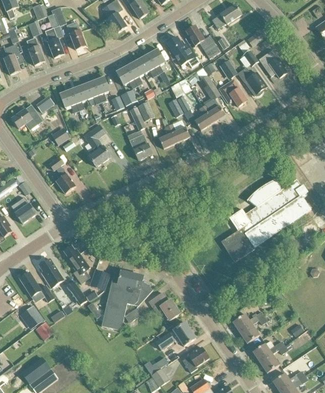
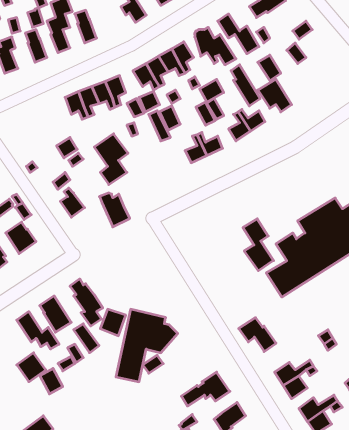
building: [258,48,286,77] -> none
building: [237,66,266,96] -> none
building: [11,105,41,129] -> none
building: [127,132,152,160] -> [99,193,130,227]
building: none -> [243,219,274,271]
building: [148,292,179,320] -> [239,318,276,352]

